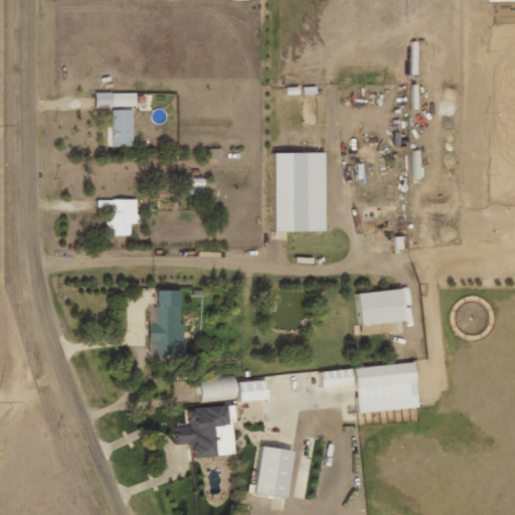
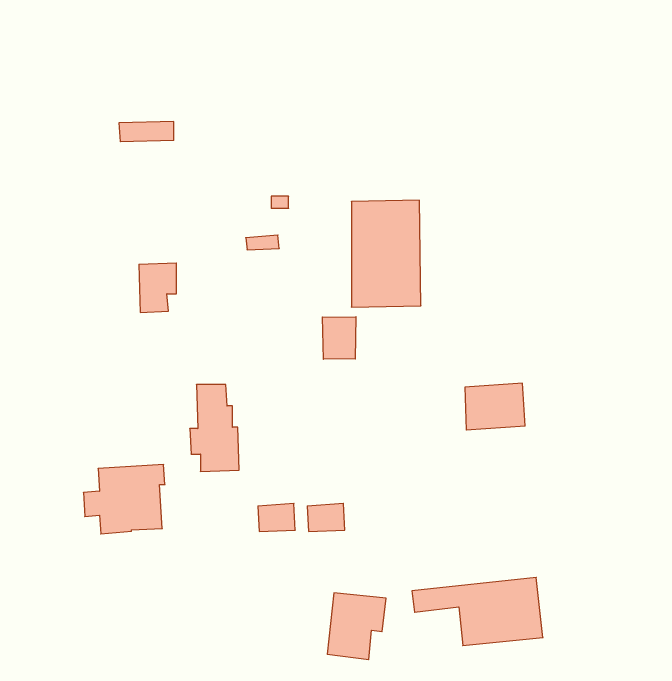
building: [116,109,137,146] -> none
building: none -> [322,317,356,359]
building: [321,361,419,412] -> [412,577,543,646]
building: [178,405,239,458] -> [83,465,165,534]

